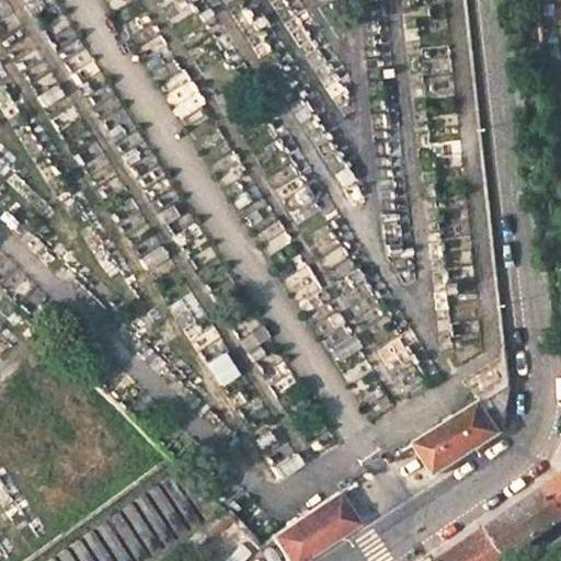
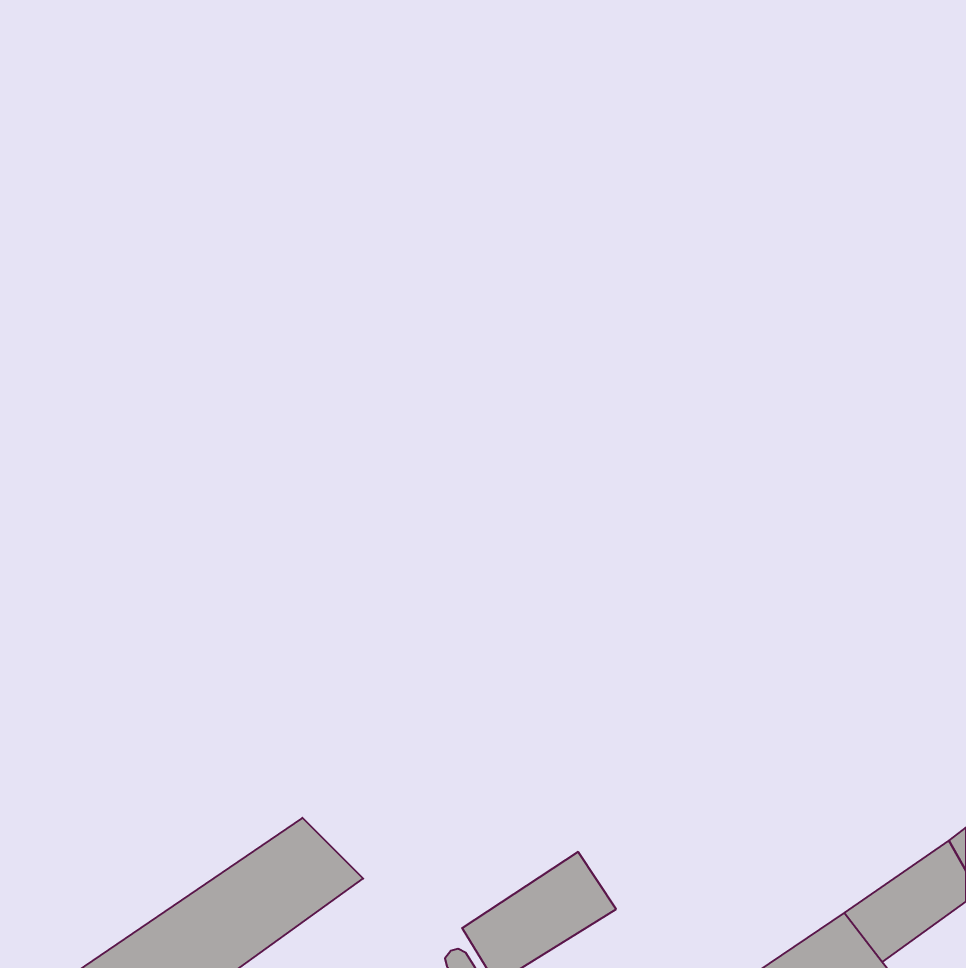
building: [412,388,507,478] -> none

